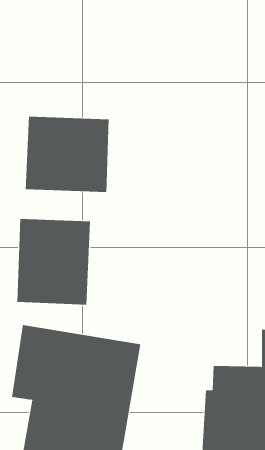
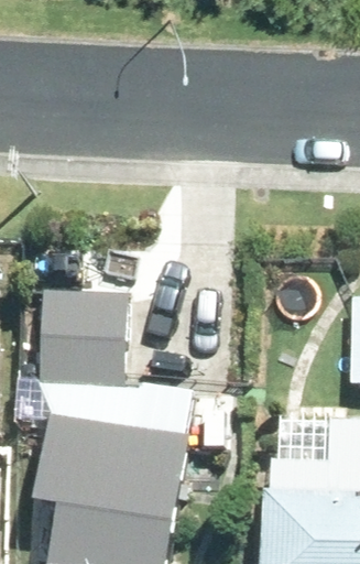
building: [25,116,109,193] -> none

